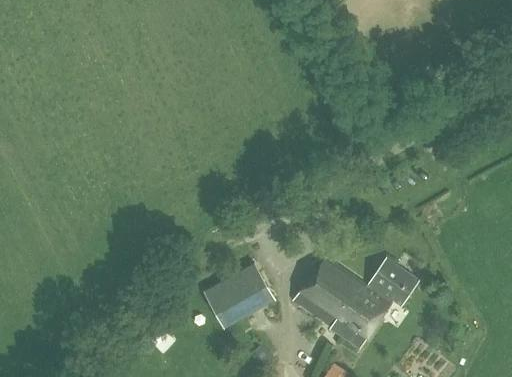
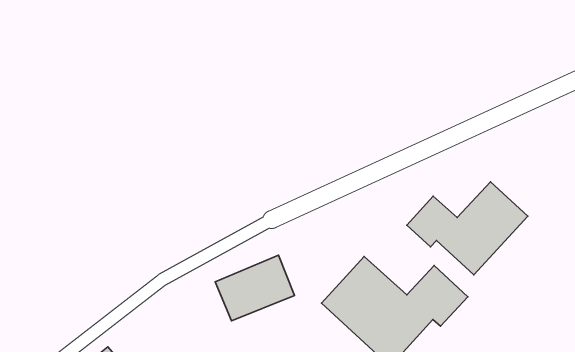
building: none -> [407,182,528,275]

